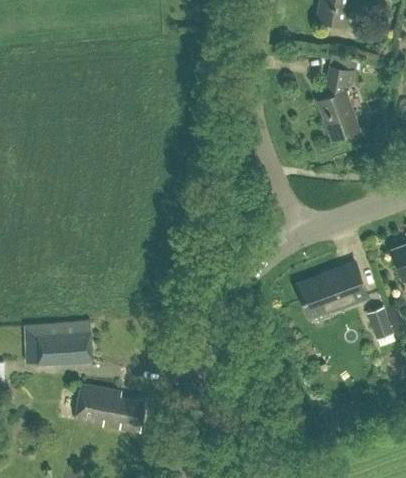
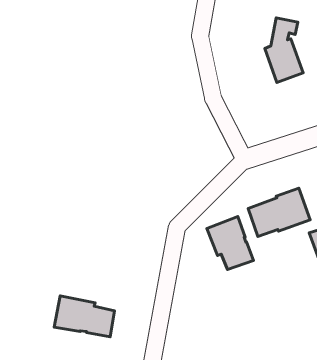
building: none -> [207,217,254,270]
building: [24,320,95,363] -> none

